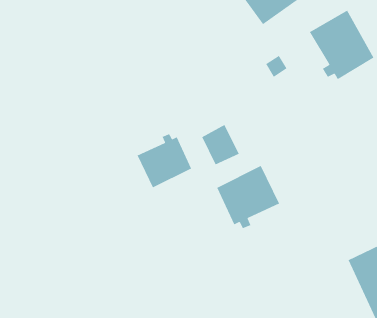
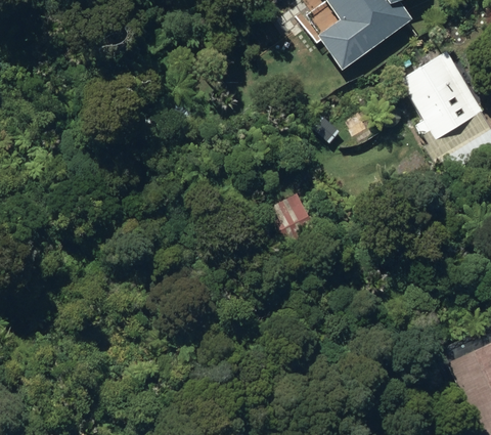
building: [136,133,192,189] -> none
building: [216,165,280,229] -> none

